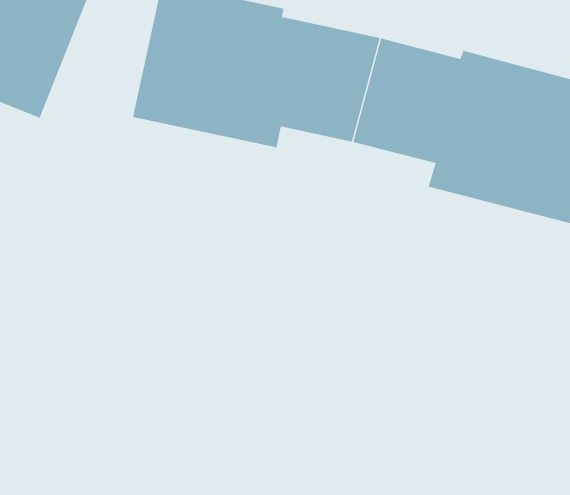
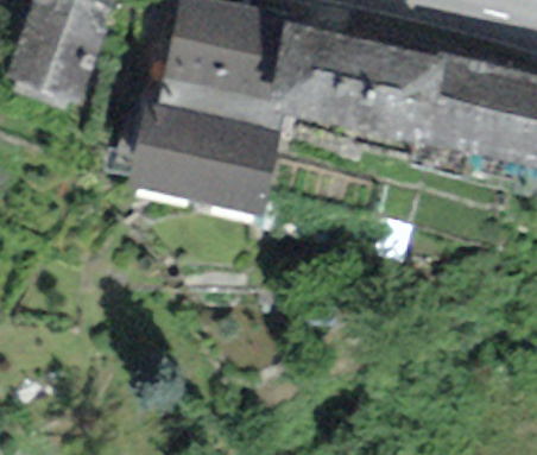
building: none -> [124,102,278,213]

